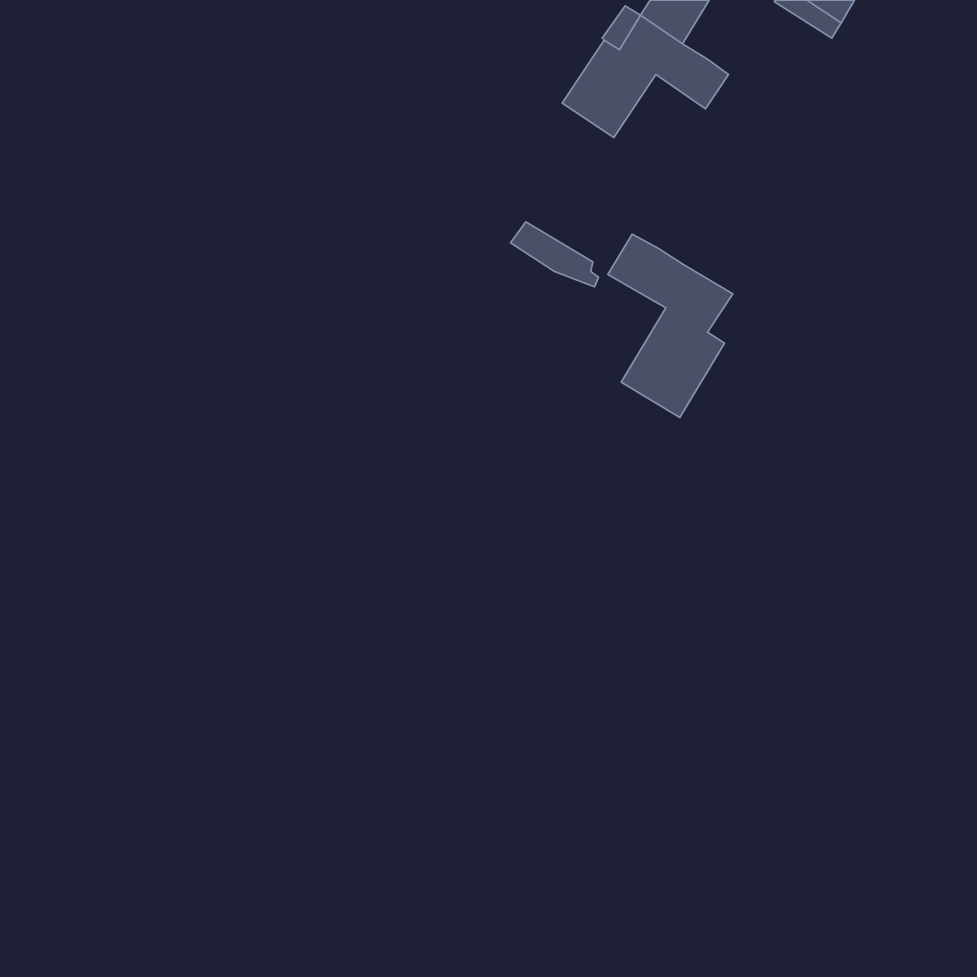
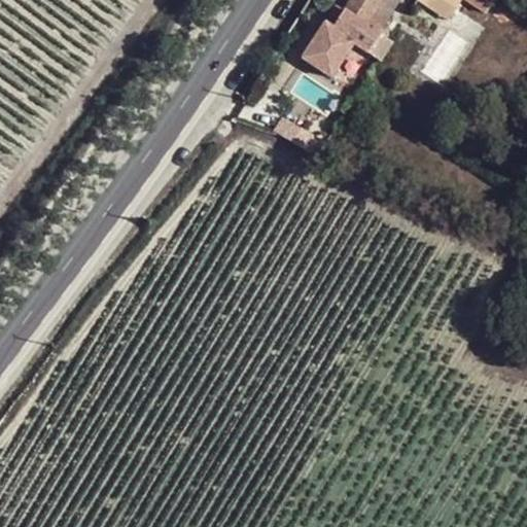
building: [608,234,733,417] -> none

